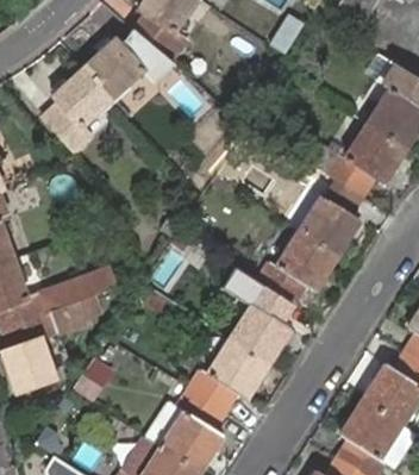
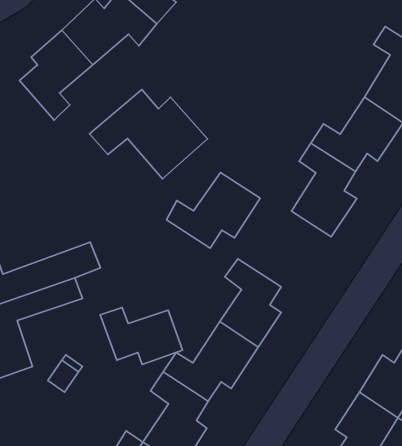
building: none -> [89,89,207,179]
building: [246,235,333,305] -> [167,172,260,248]
building: none -> [100,307,183,364]

